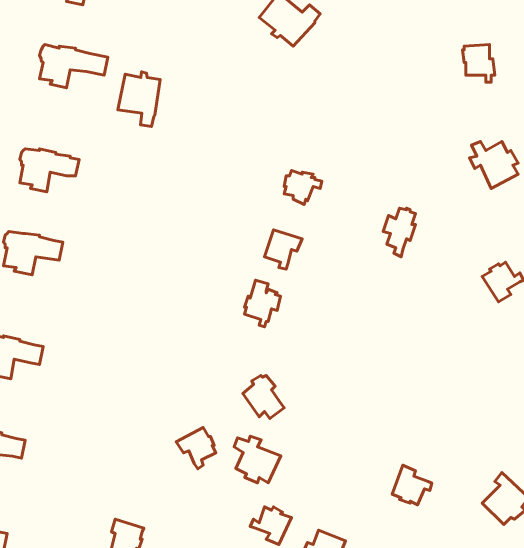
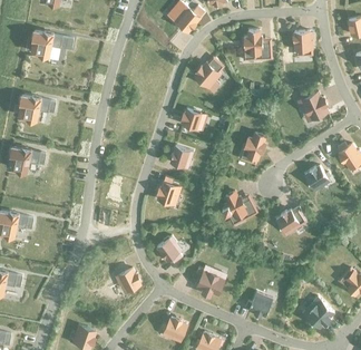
building: none -> [242,30,270,59]
building: [118,72,160,126] -> none
building: none -> [194,58,222,93]
building: none -> [222,192,255,220]
building: none -> [275,207,306,235]
building: [234,436,281,483] -> [195,266,224,295]

